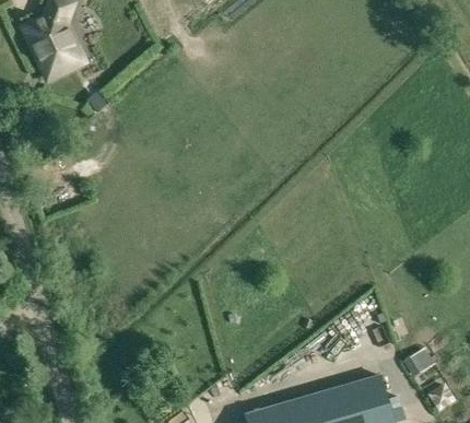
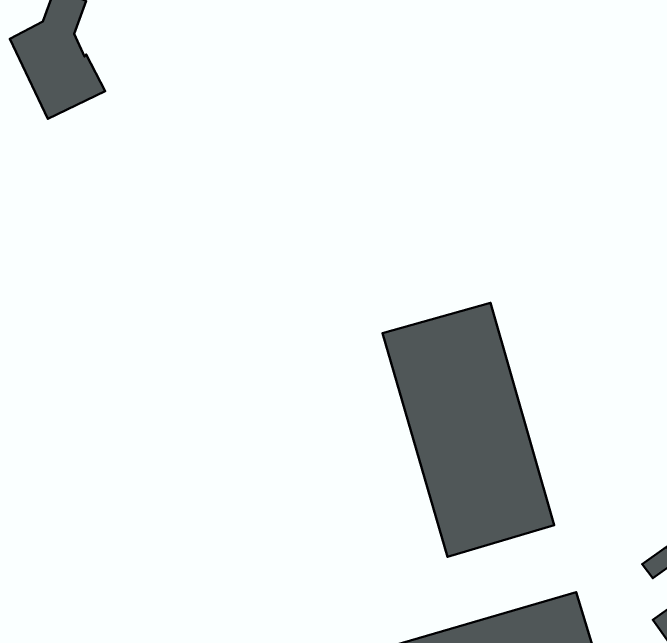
building: none -> [383,303,554,557]

